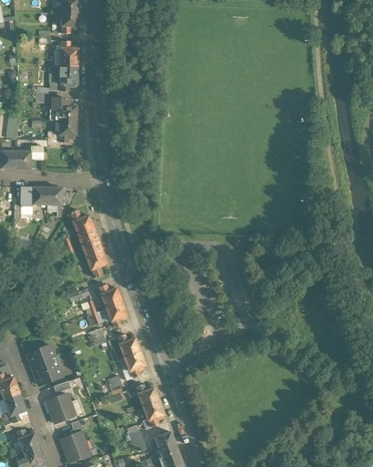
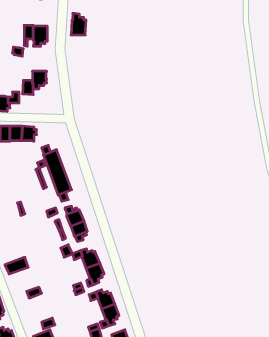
building: [60,40,78,66] -> [71,13,86,35]
building: [50,98,76,120] -> none
building: [31,356,62,384] -> none
building: [45,393,74,422] -> none

